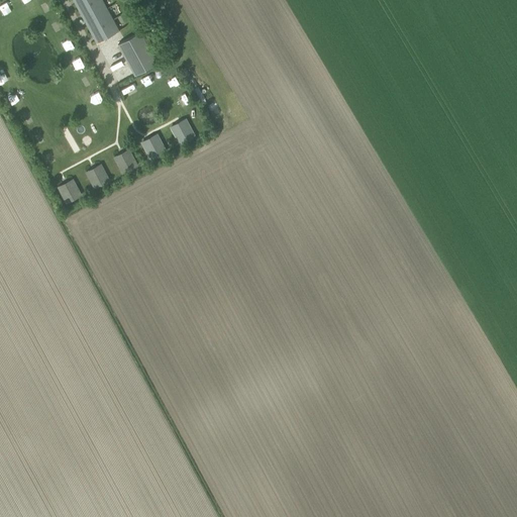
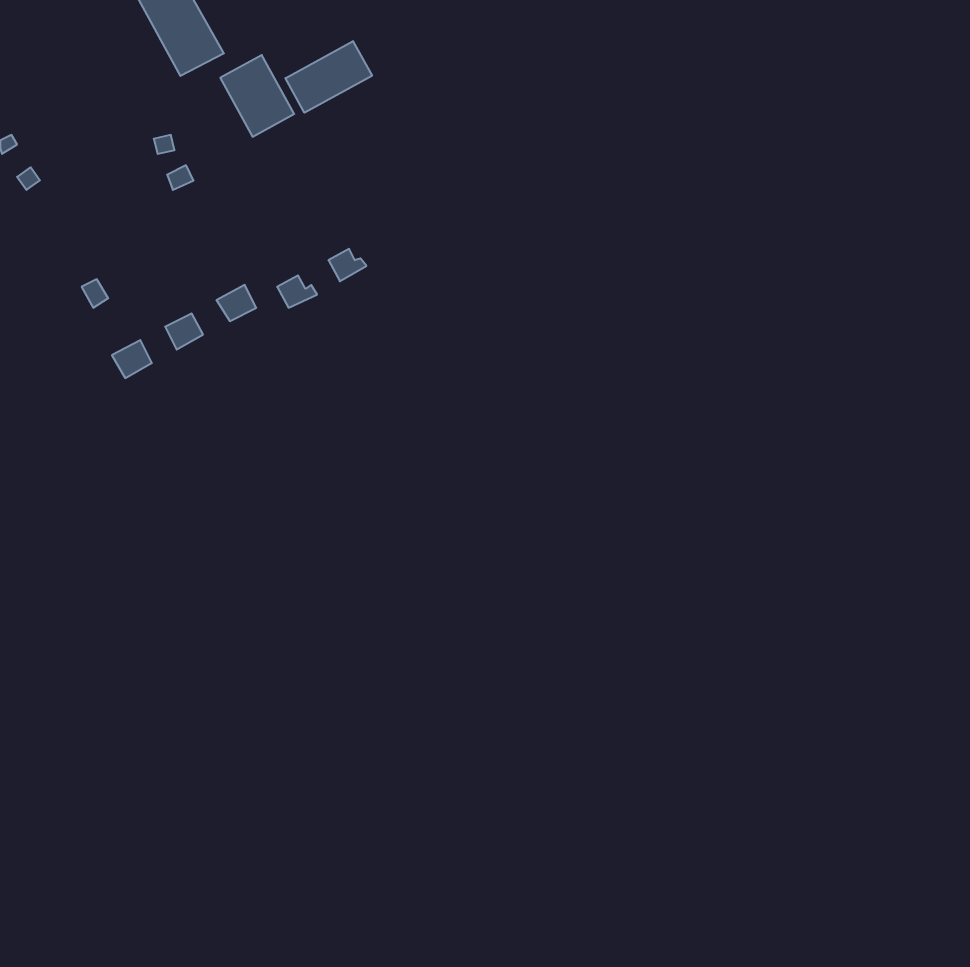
building: none -> [285,41,372,113]

